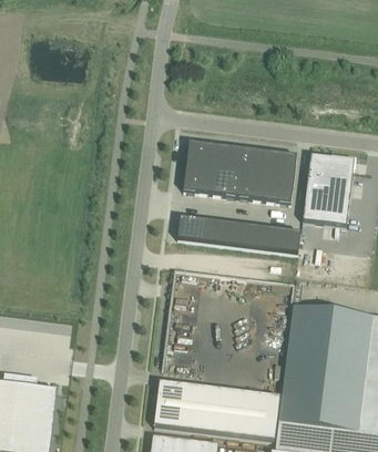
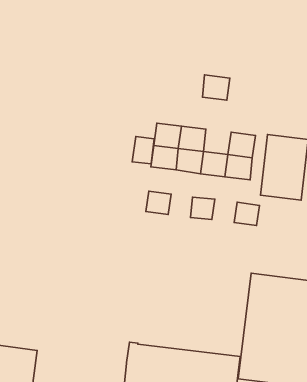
building: [241,147,270,175] -> [202,75,230,100]
building: none -> [132,137,154,164]
building: [202,218,228,244] -> none
building: [249,224,277,249] -> none

